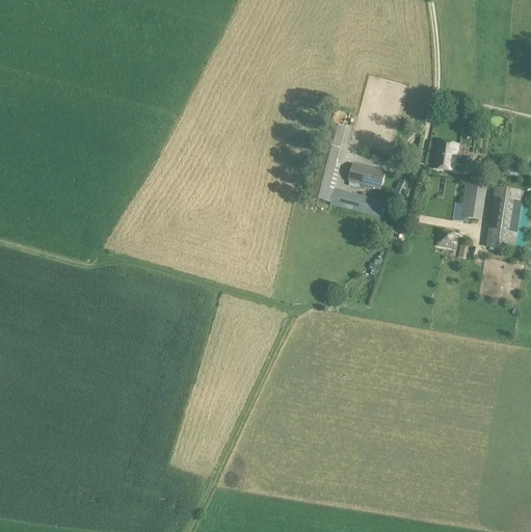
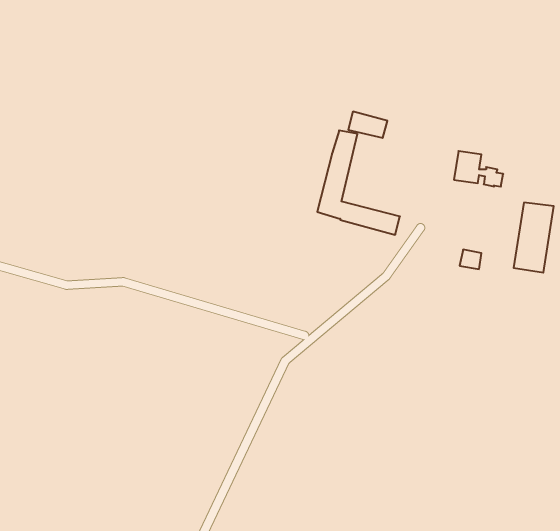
building: [349,164,384,188] -> [348,112,387,138]
building: [459,183,482,218] -> none

